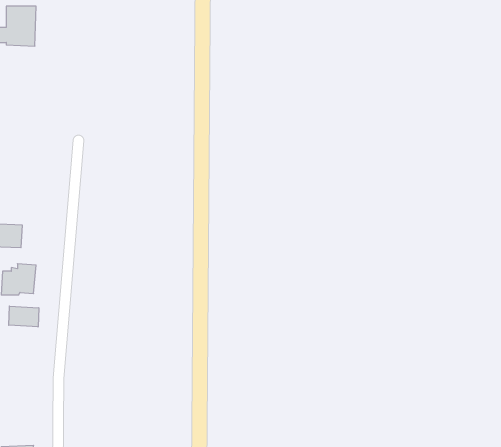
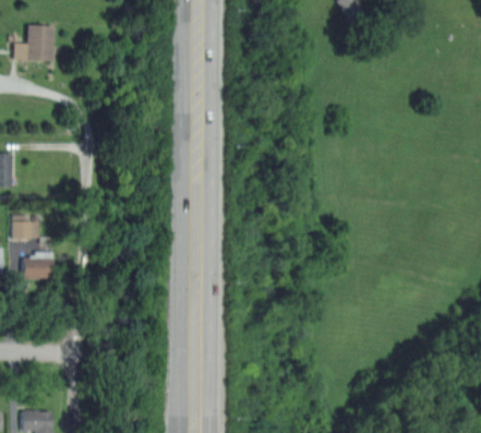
building: [9,306,39,327] -> none

